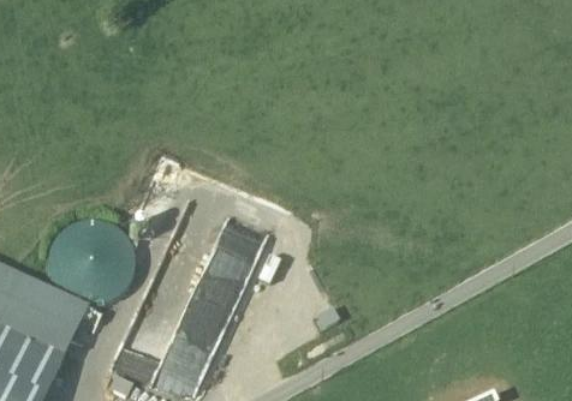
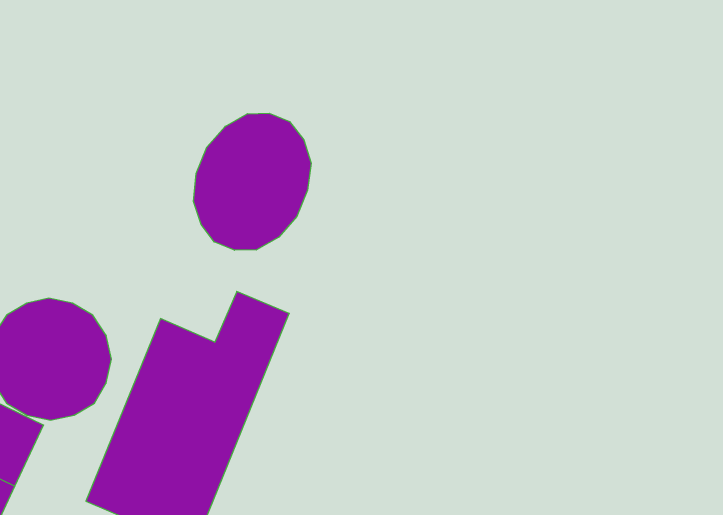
building: none -> [194,113,311,250]

